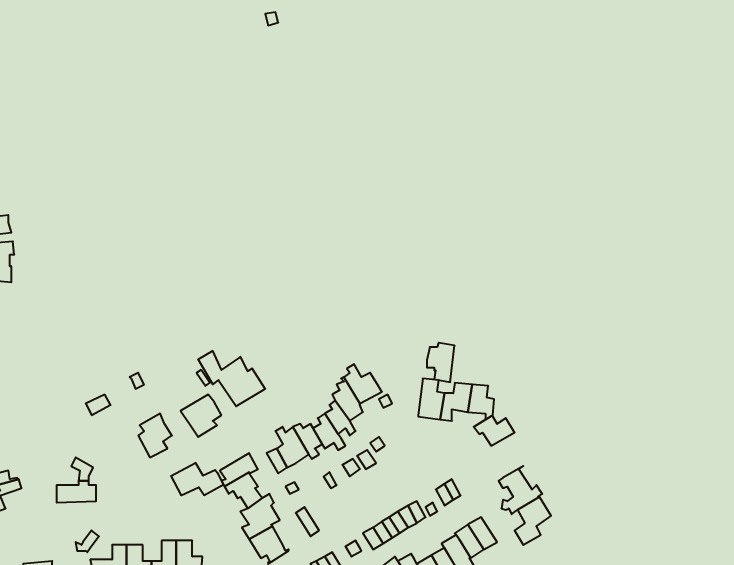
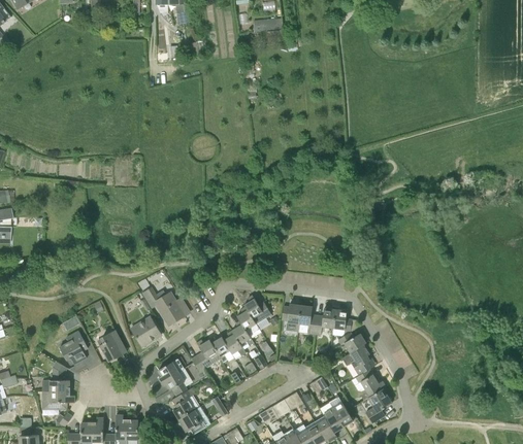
building: [427,343,455,382] -> [281,303,300,331]
building: none -> [58,330,87,366]
building: none -> [341,344,371,375]
building: [171,463,223,495] -> none
building: none -> [41,391,69,409]

